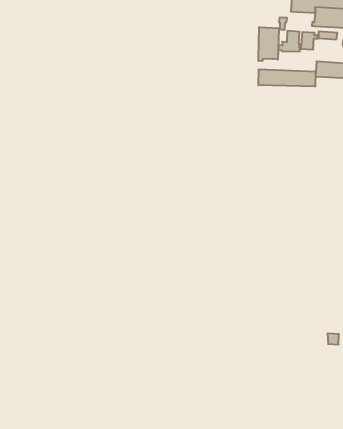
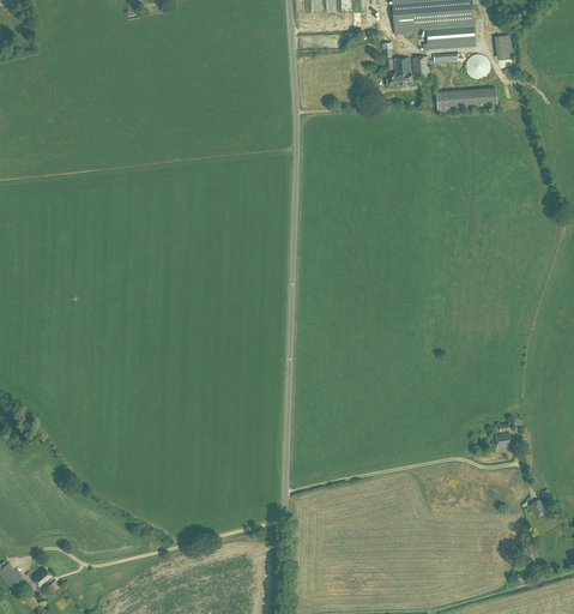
building: [258,27,279,61] -> none
building: [258,69,316,87] -> none

